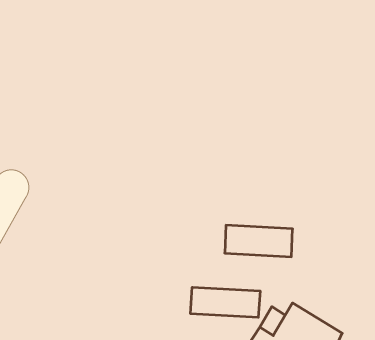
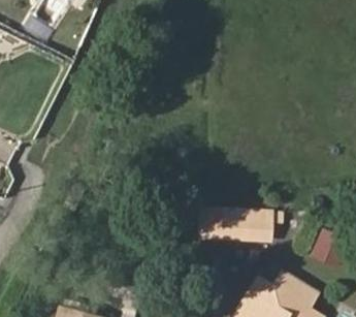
building: [191,287,260,317] -> none

